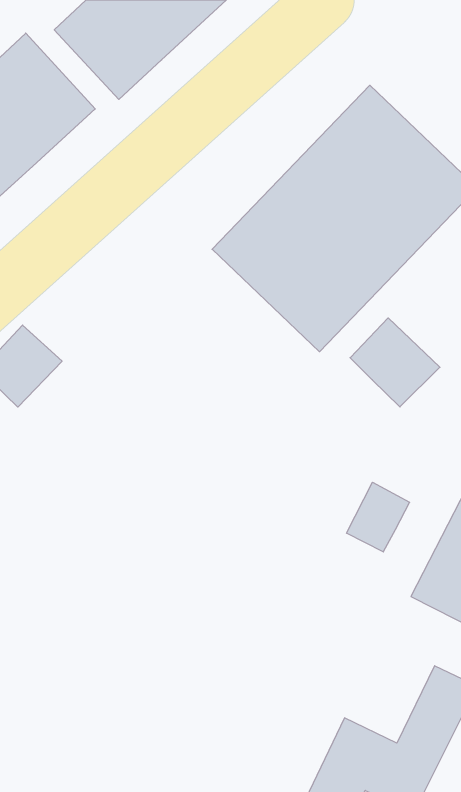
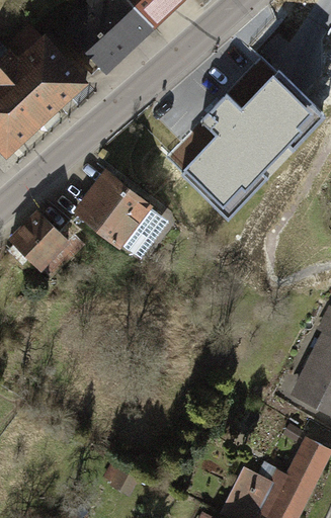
building: none -> [78,177,161,254]
building: [350,318,440,407] -> none
building: [347,482,410,552] -> none

